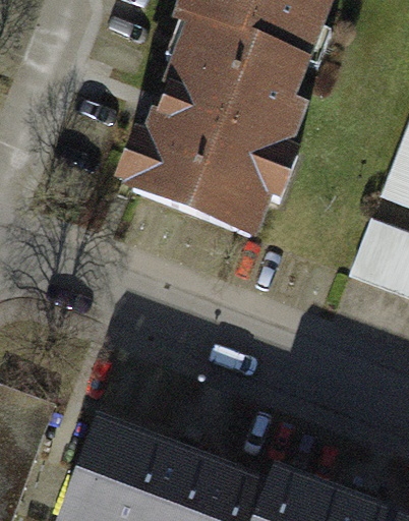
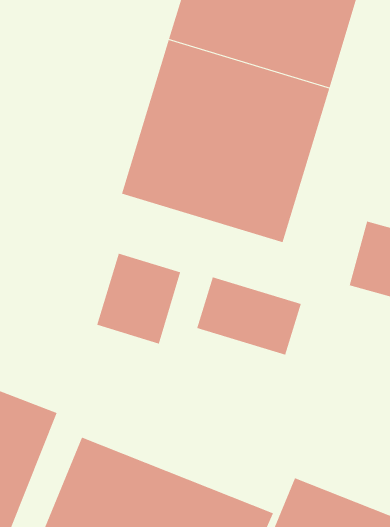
building: none -> [97,253,181,344]
building: none -> [196,277,301,356]

